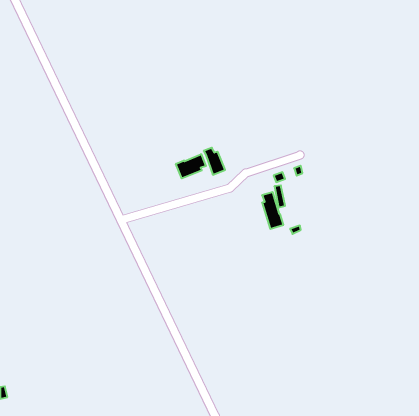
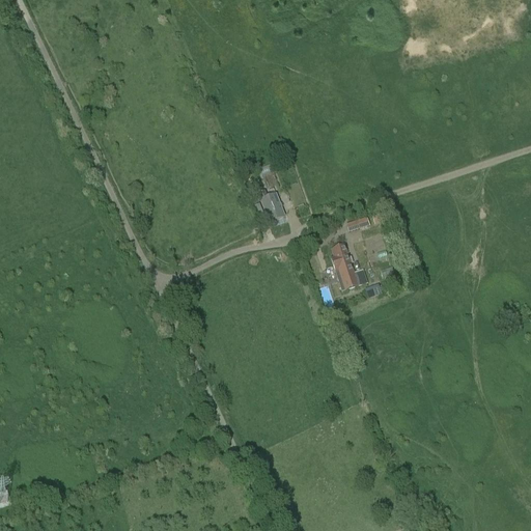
building: [176,154,206,178] -> none

